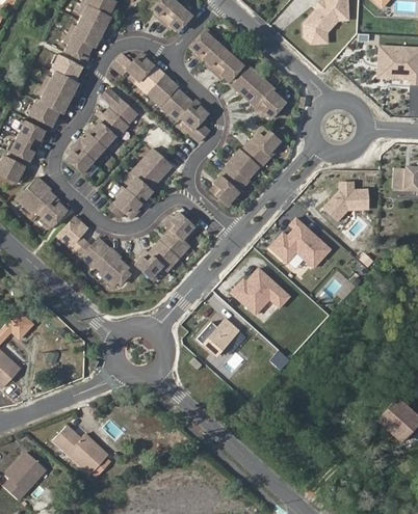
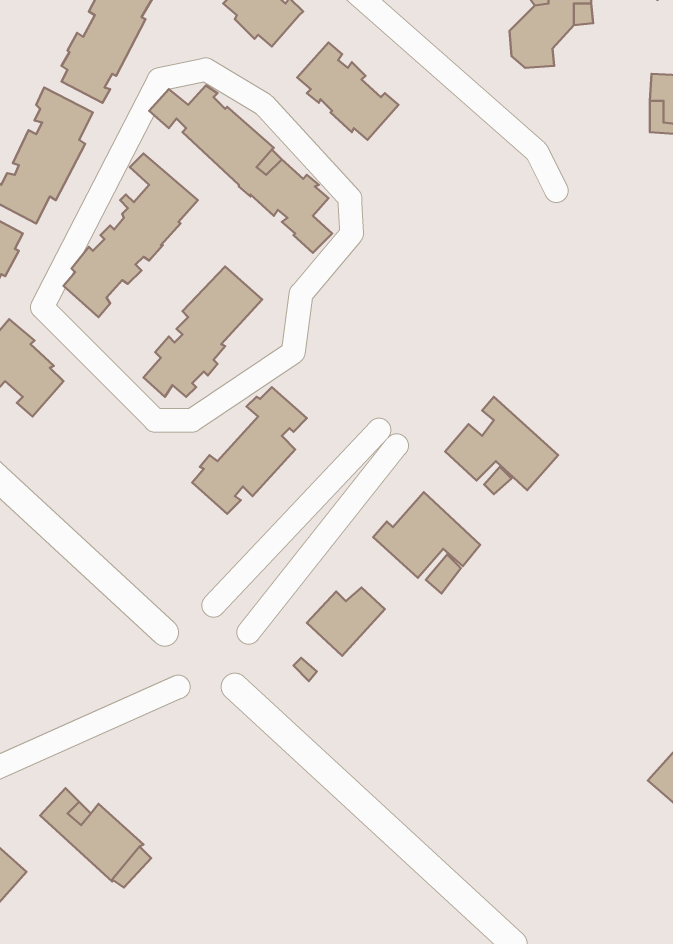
building: [232,65,286,117] -> none
building: [210,125,279,206] -> none
building: [322,182,367,220] -> none
building: [56,215,129,286] -> none

